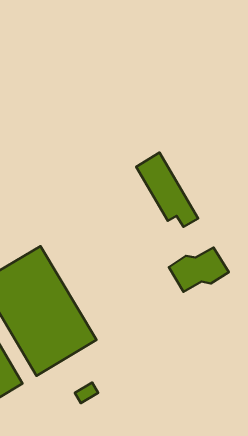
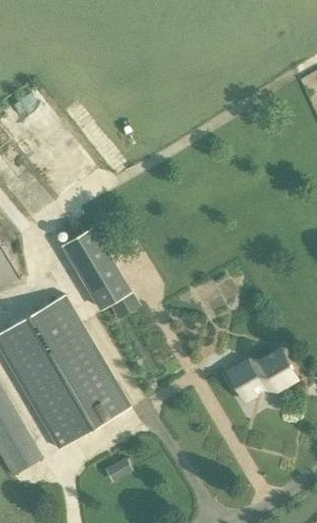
building: [136,152,198,227] -> [64,227,138,316]
building: [169,247,229,292] -> [227,348,299,401]

